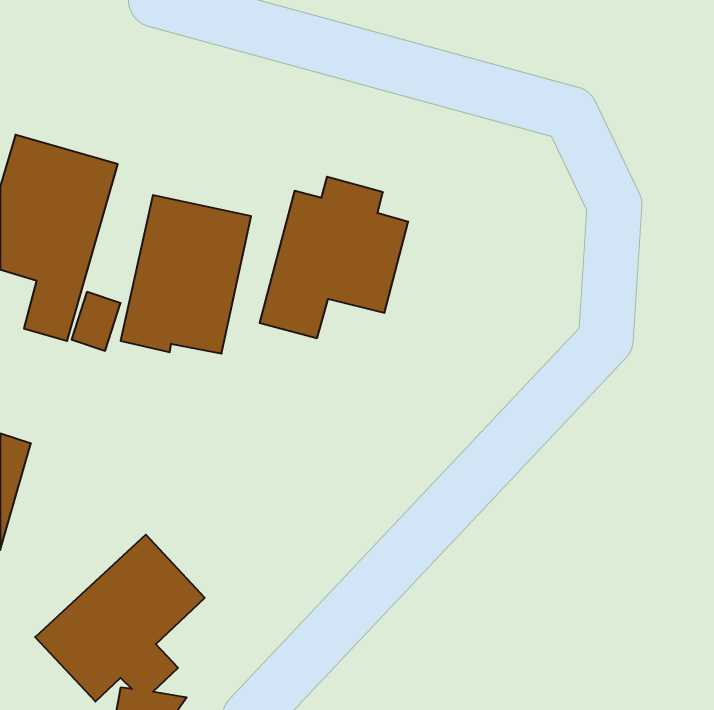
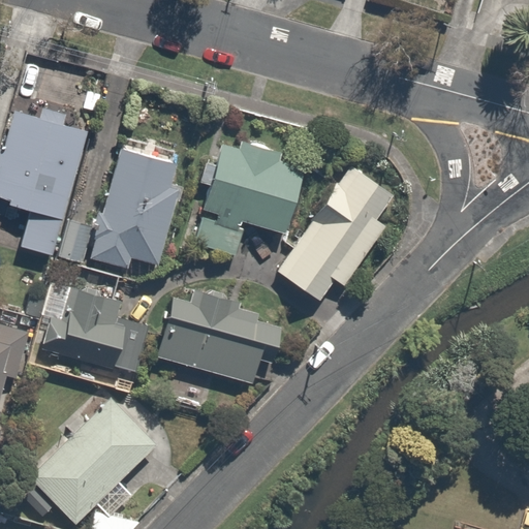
building: none -> [278,166,403,299]
building: none -> [38,289,128,365]
building: none -> [156,289,283,385]

